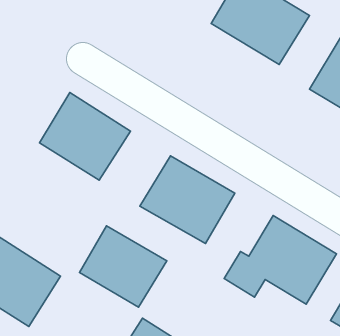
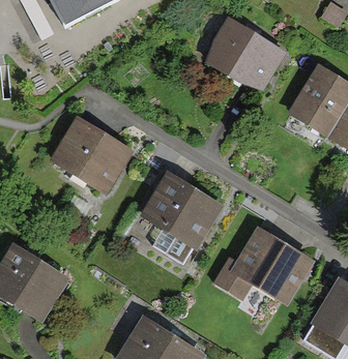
building: [80,226,167,307] -> none

